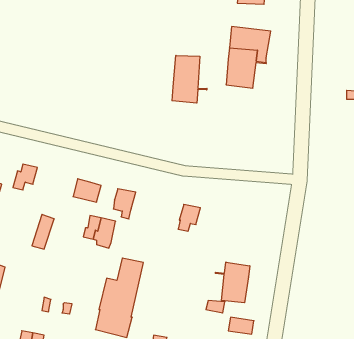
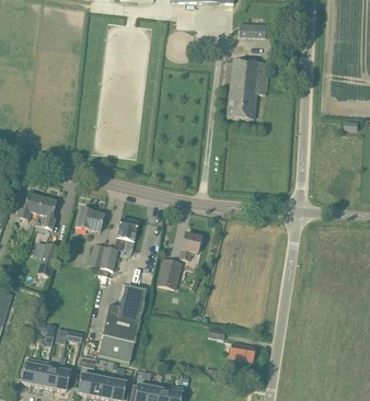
building: [172,55,207,103] -> none
building: none -> [34,196,56,229]
building: none -> [157,257,182,288]
building: [215,262,250,303] -> none

